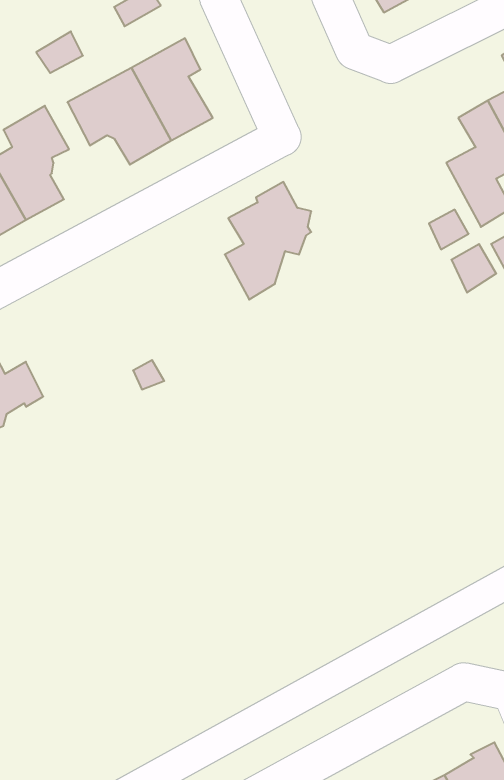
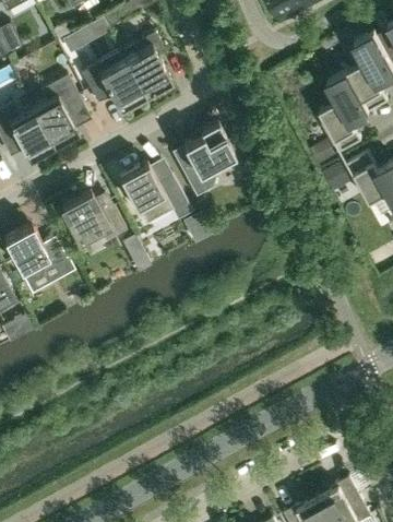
building: none -> [119,162,192,225]
building: none -> [62,193,127,245]

